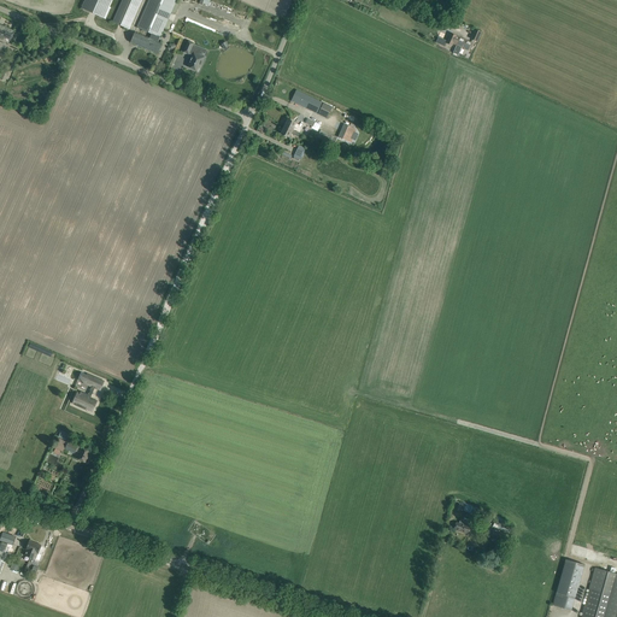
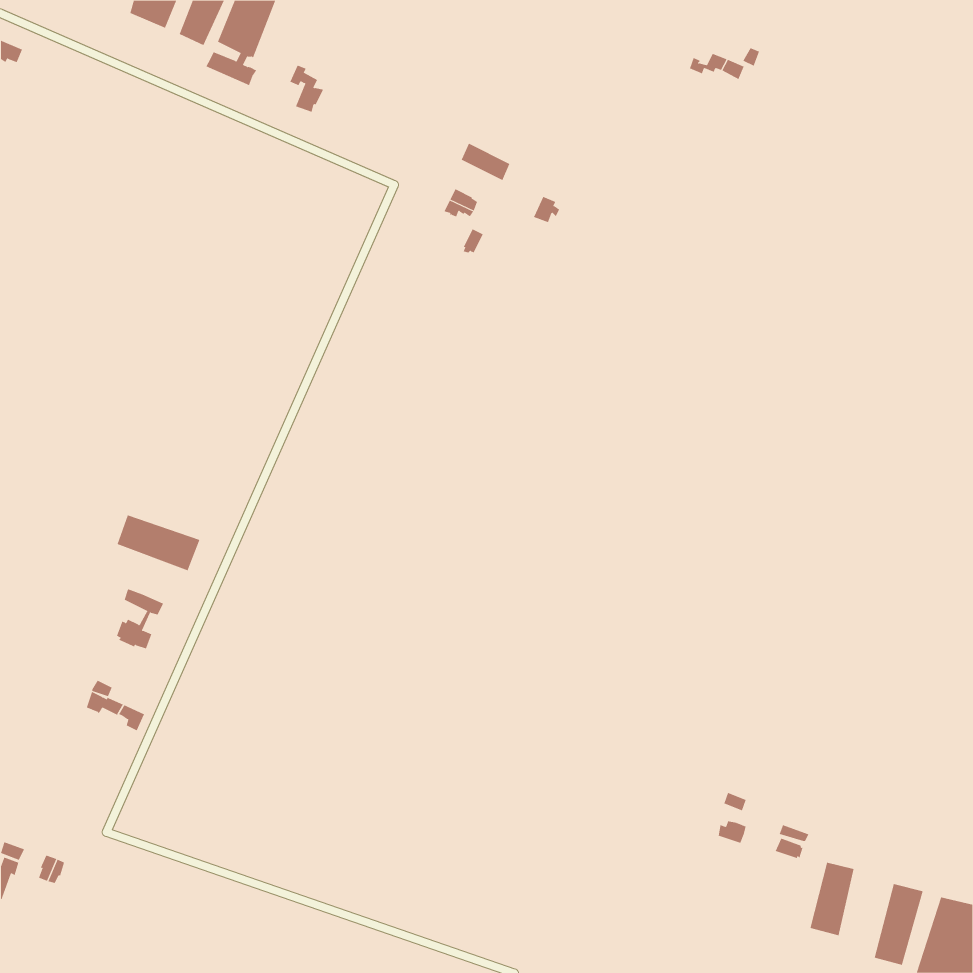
building: none -> [117,514,200,571]
building: none -> [810,862,854,936]

